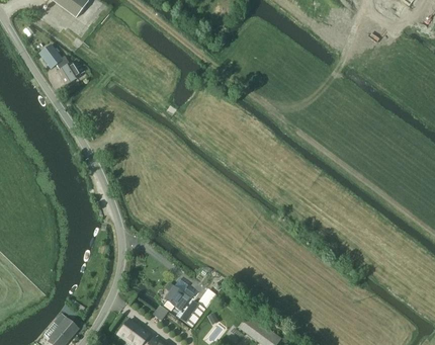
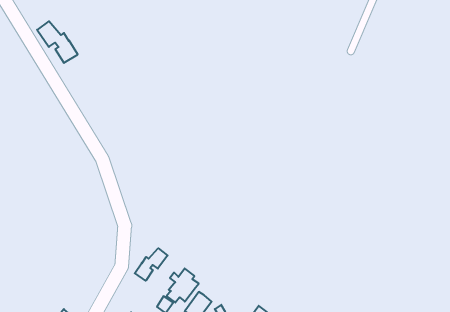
building: none -> [135,248,168,281]

